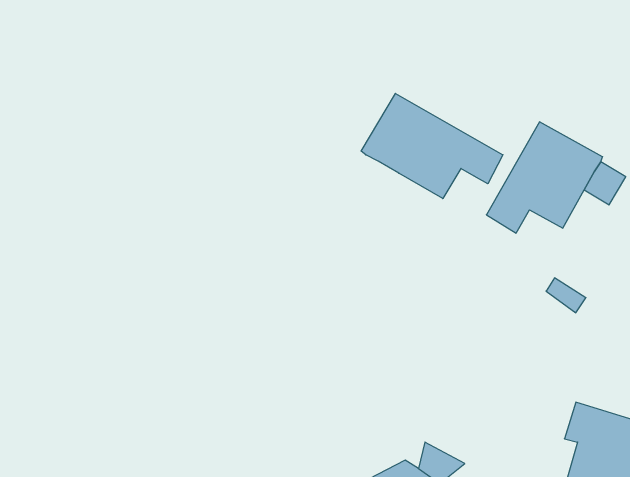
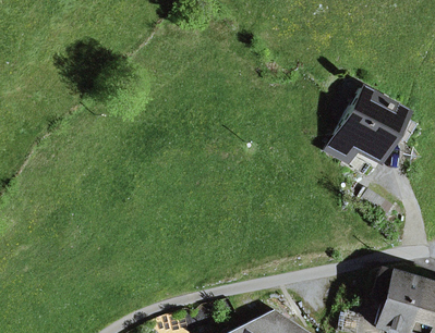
building: [361,93,503,199] -> none

